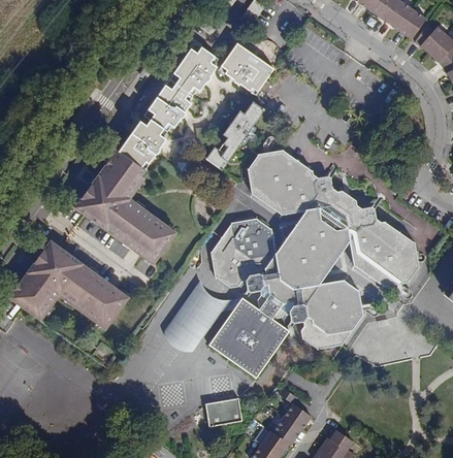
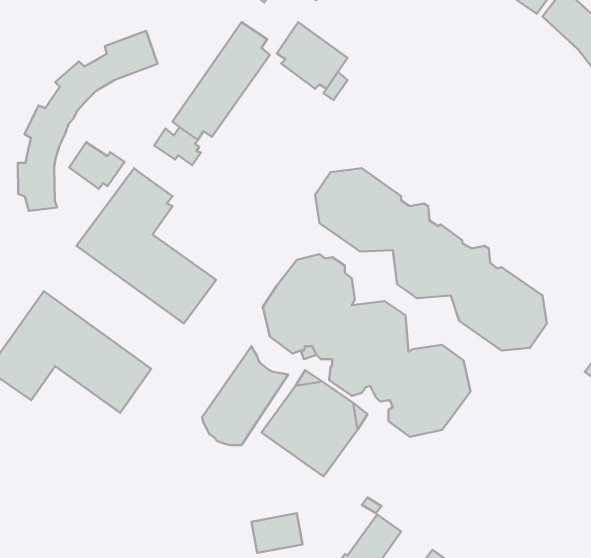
building: none -> [18,31,158,211]
building: [206,102,266,168] -> none
building: [119,133,159,167] -> [69,142,124,189]
building: [276,209,348,284] -> none

